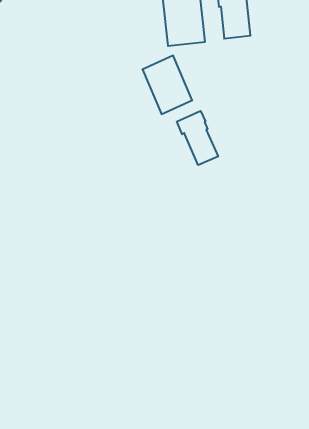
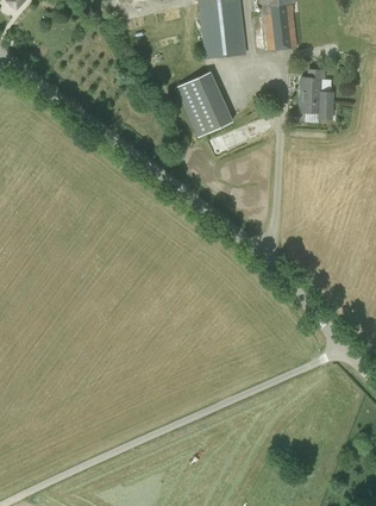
building: none -> [299,68,332,119]
building: [177,111,218,165] -> none

